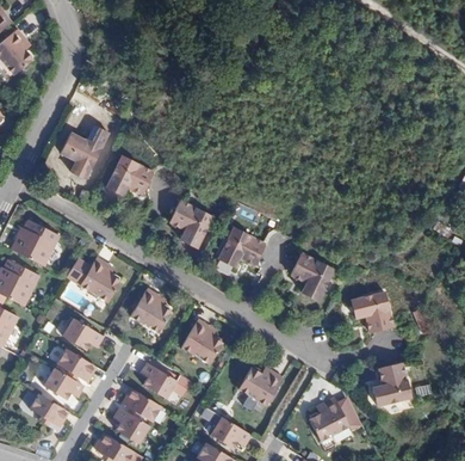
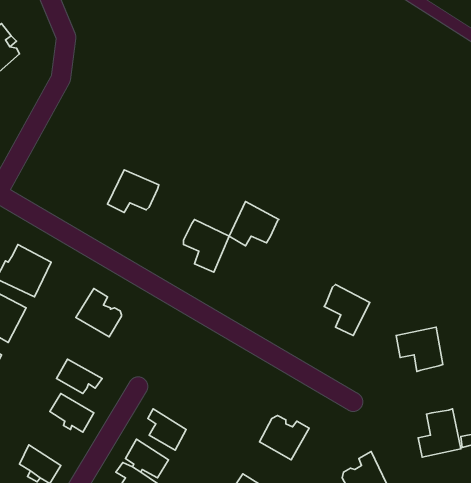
building: [61,125,107,178] -> none
building: [221,228,264,266] -> [229,202,279,246]
building: [129,287,167,330] -> none
building: [181,318,219,361] -> none
building: [43,368,82,399] -> none

